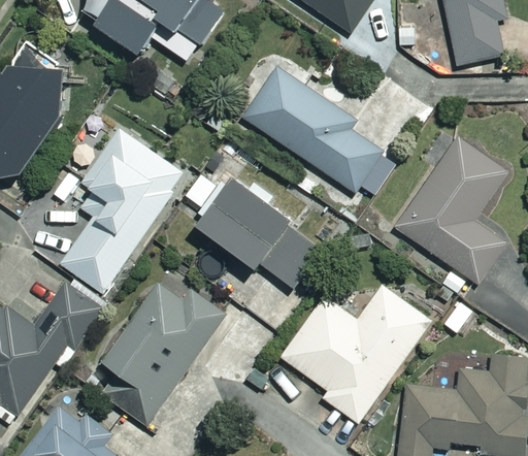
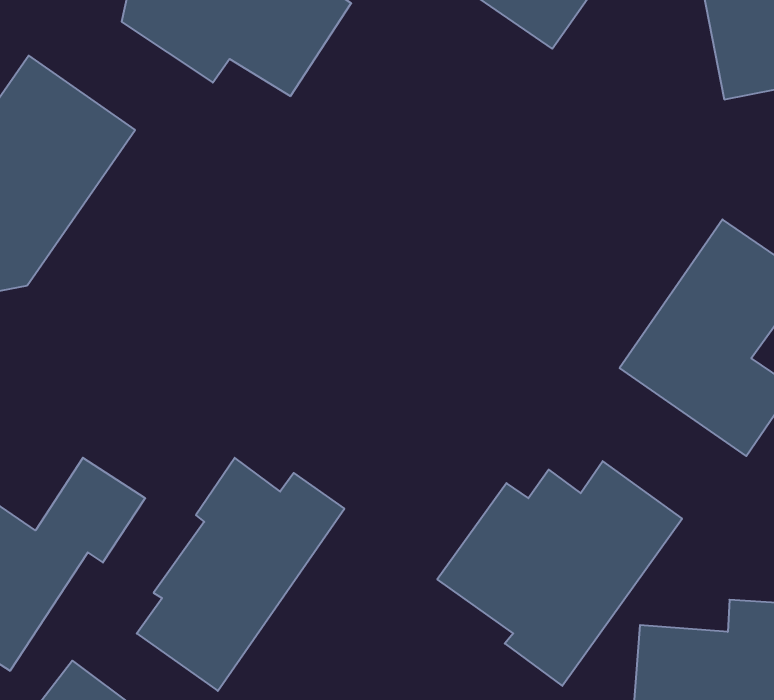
building: [242,68,384,193] -> none
building: [60,129,187,294] -> none
building: [195,175,327,291] -> none

